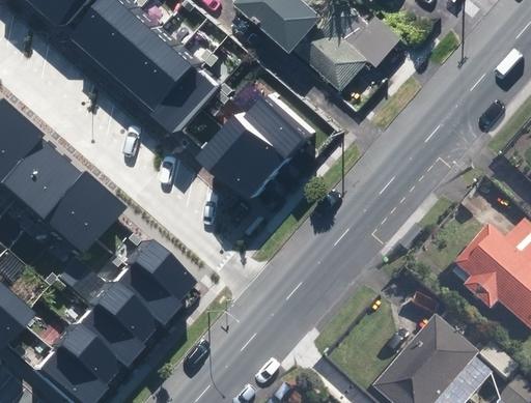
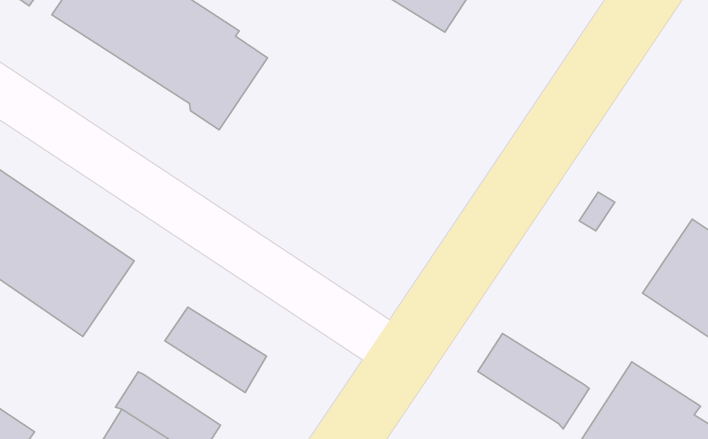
building: [202,90,310,193] -> none
building: [106,262,176,326] -> none
building: none -> [478,333,589,429]

